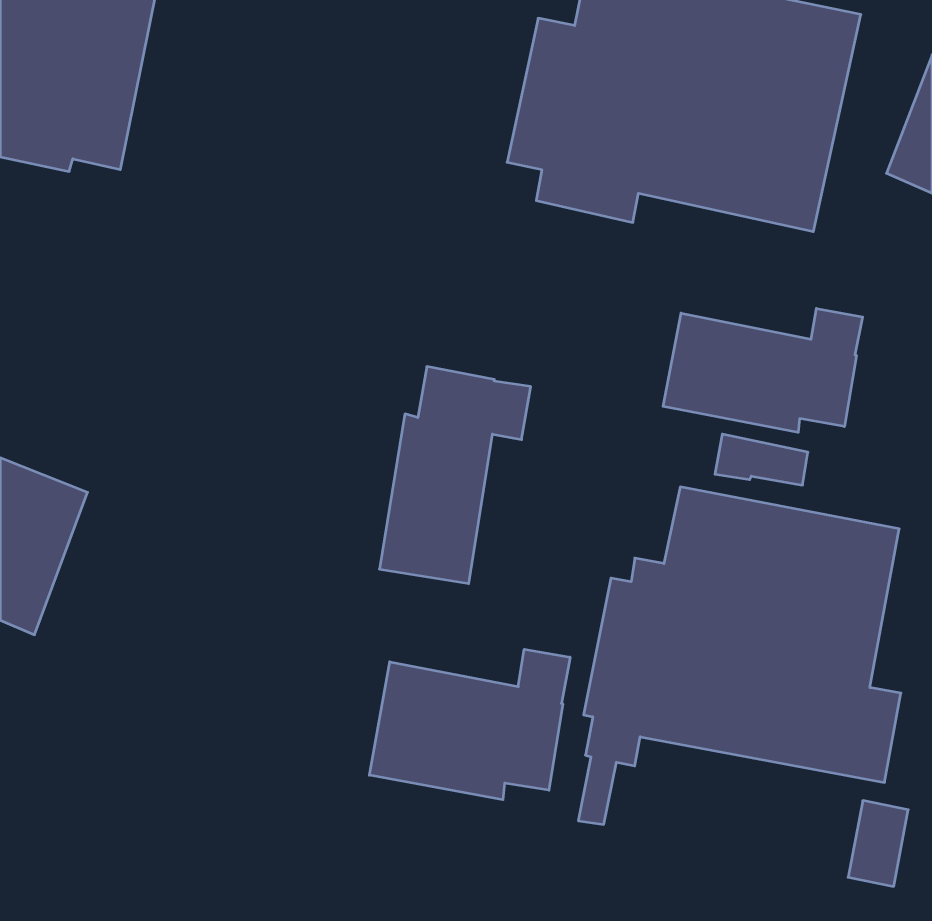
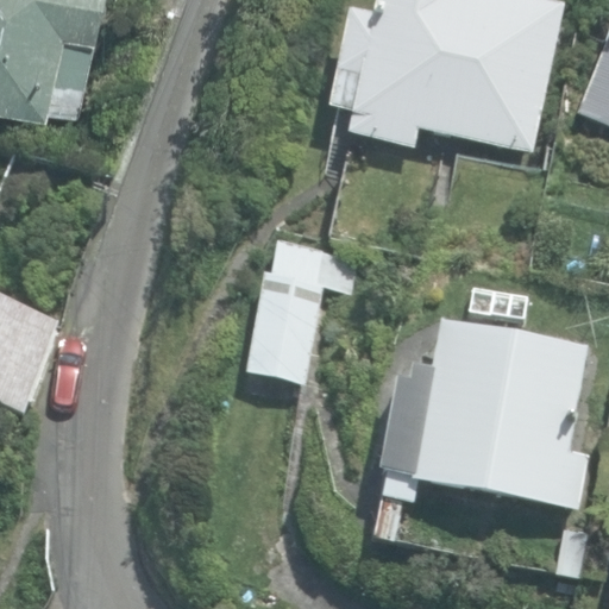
building: [663,308,863,432] -> none
building: [369,649,570,800] -> none

